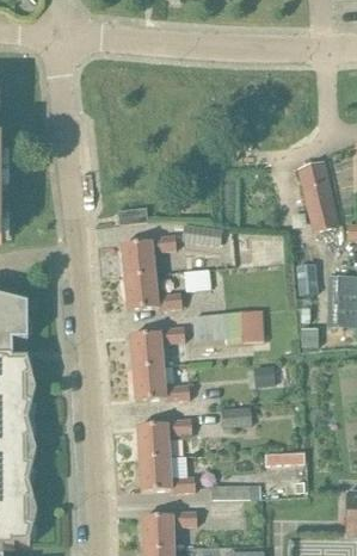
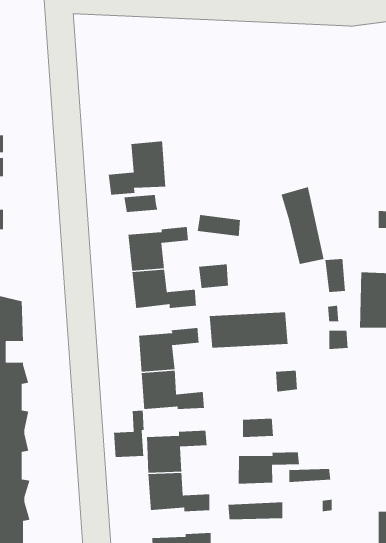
building: none -> [108,140,166,196]
building: [297,160,337,230] -> [281,186,325,265]
building: none -> [113,410,144,458]
building: none -> [238,451,300,485]

